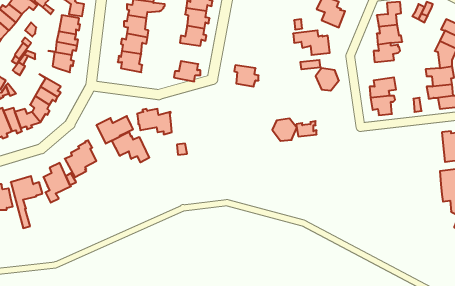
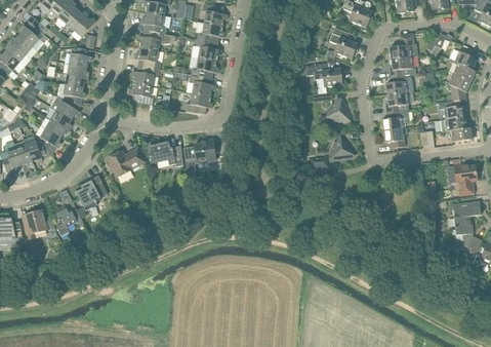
building: none -> [384,92,408,113]
building: none -> [49,95,80,119]
building: [234,65,259,87] -> [190,75,214,97]
building: none -> [188,140,222,163]
building: [272,119,297,141] -> [329,139,354,161]
building: [112,132,149,162] -> none

